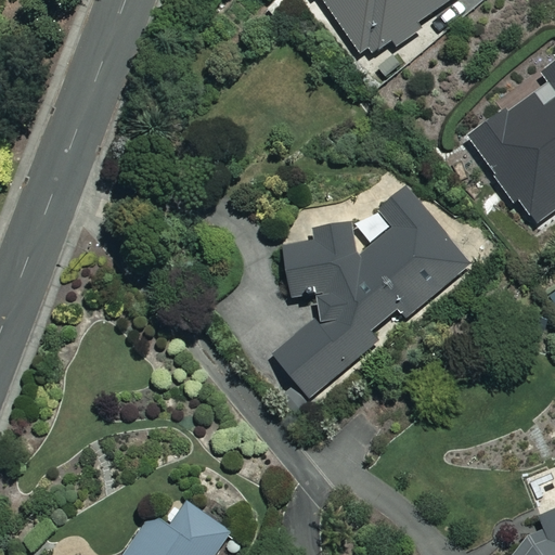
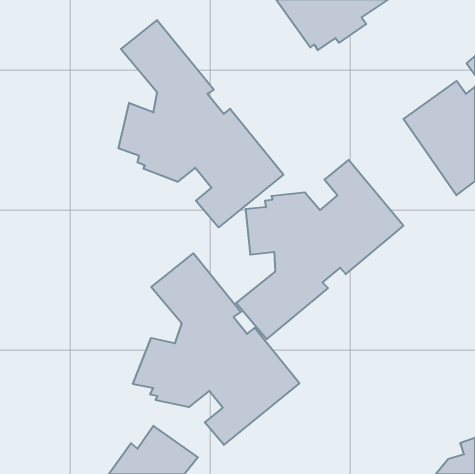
building: none -> [118,20,283,227]
building: none -> [133,253,299,445]

